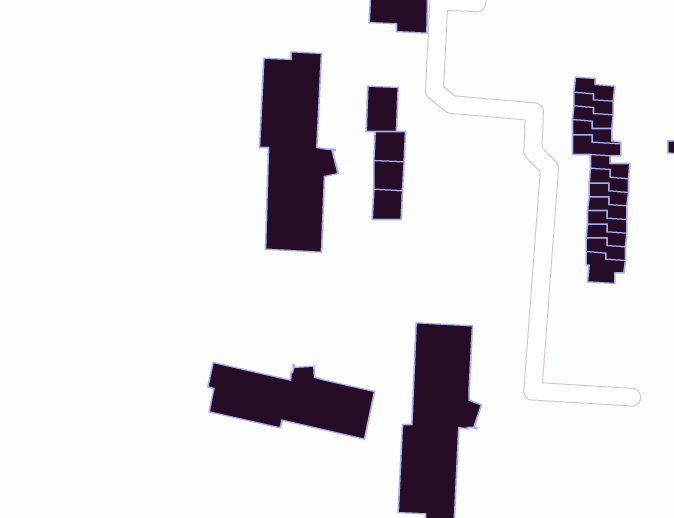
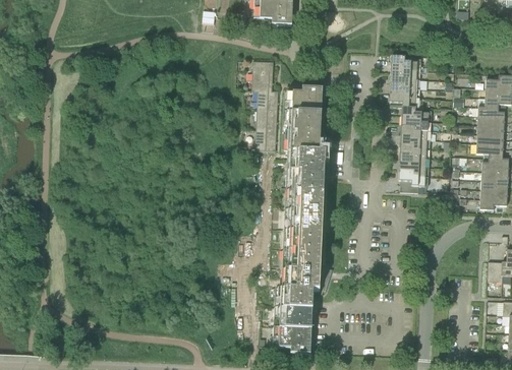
building: [259,52,338,252] -> [281,85,334,220]
building: [208,362,375,439] -> none

